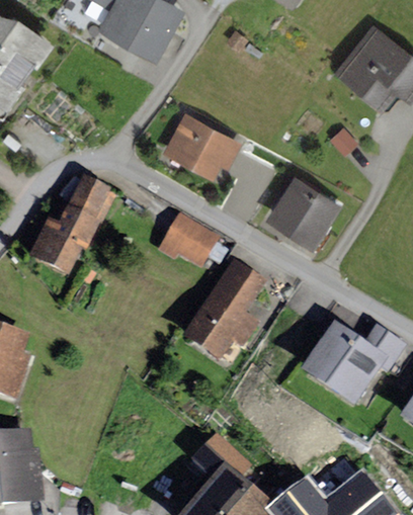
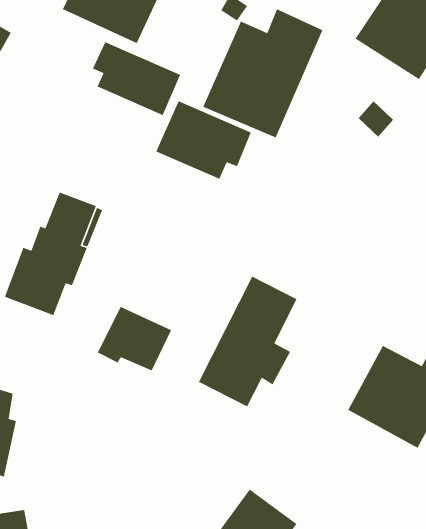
building: none -> [202,8,324,138]
building: none -> [92,41,181,116]
building: [265,174,343,250] -> none
building: [158,213,221,269] -> [97,306,172,372]

